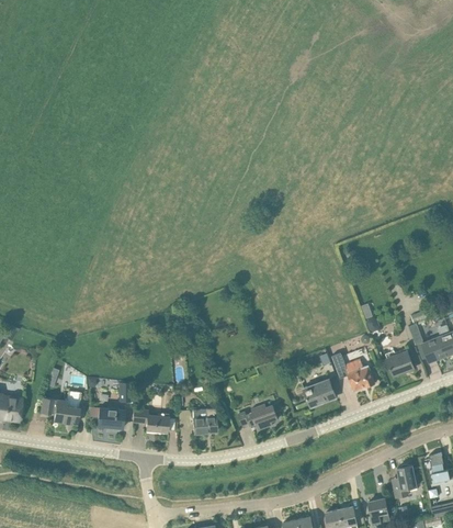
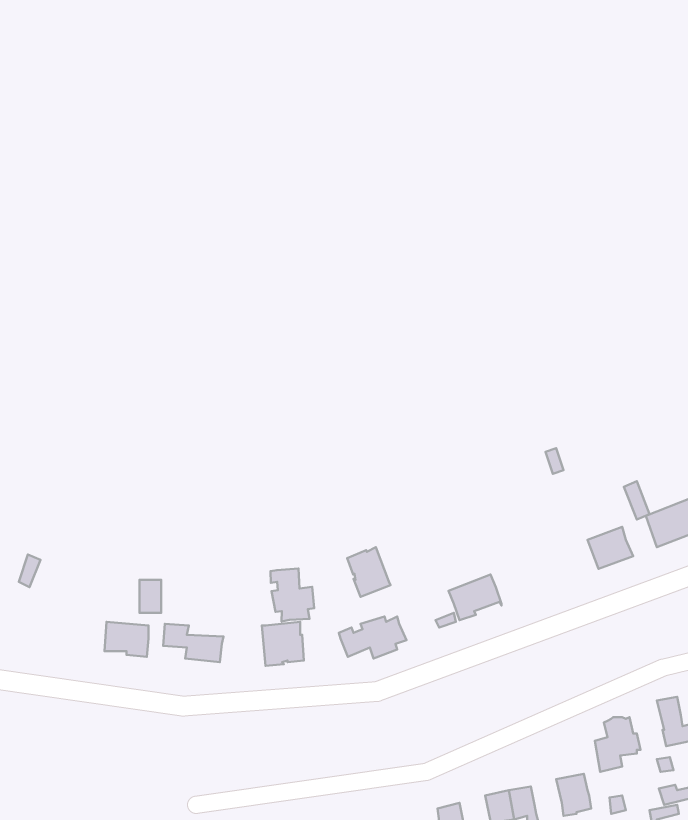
building: [331,351,375,390] -> none
building: none -> [347,547,391,597]
building: none -> [270,568,314,621]
building: [41,397,79,424] -> none

